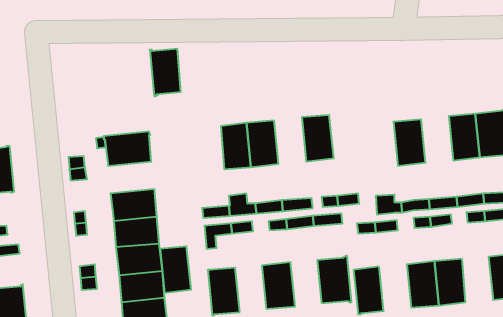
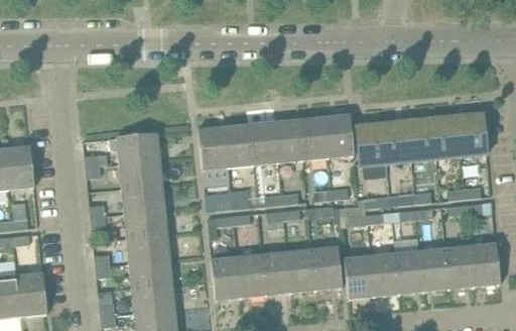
building: [150,49,181,96] -> [198,127,226,171]
building: none -> [321,113,354,156]
building: none -> [405,118,434,160]
building: none -> [271,119,300,161]
building: none -> [356,123,384,166]
building: none -> [120,159,162,189]
building: [160,246,191,293] -> [236,254,264,297]
building: none -> [442,246,471,288]
building: none -> [286,249,314,292]
building: none -> [367,253,396,296]

